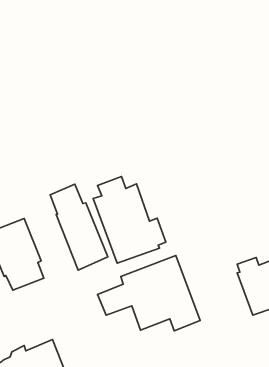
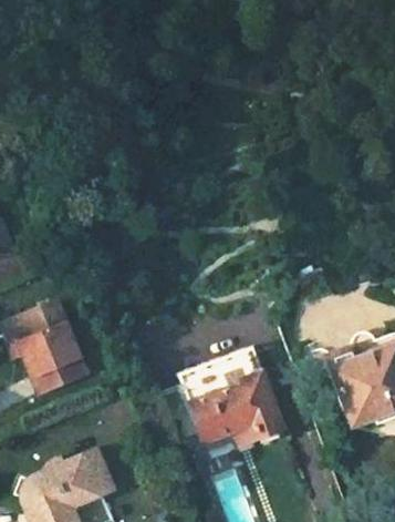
building: [93,177,166,263] -> none
building: [50,184,108,270] -> none

